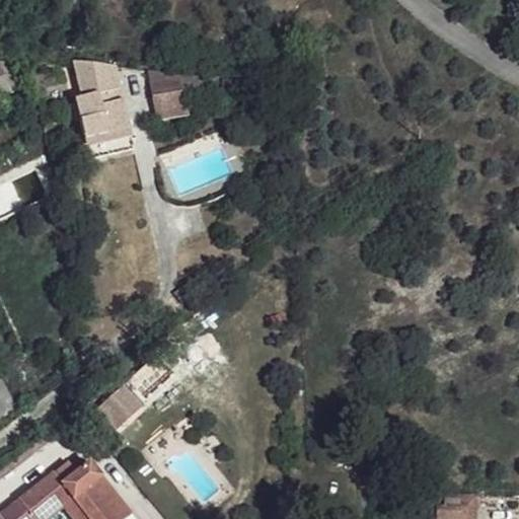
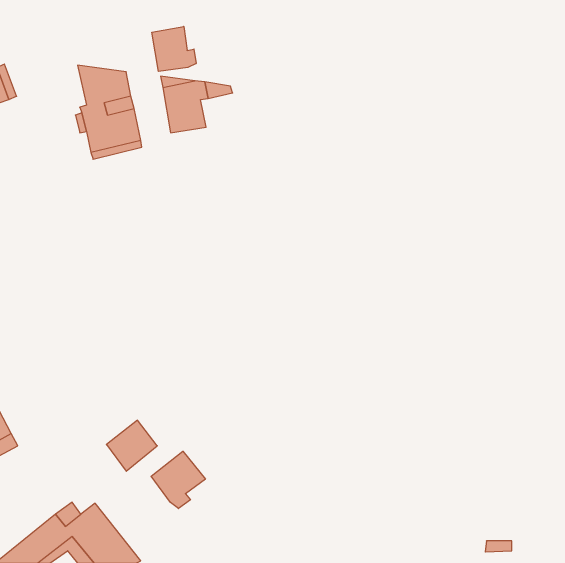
building: none -> [152,26,196,71]
building: none -> [151,451,205,509]

